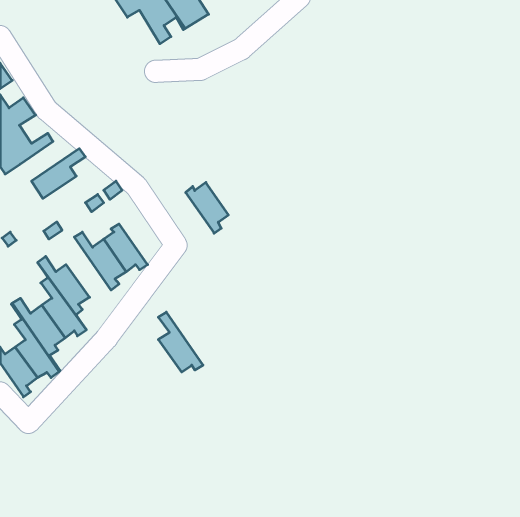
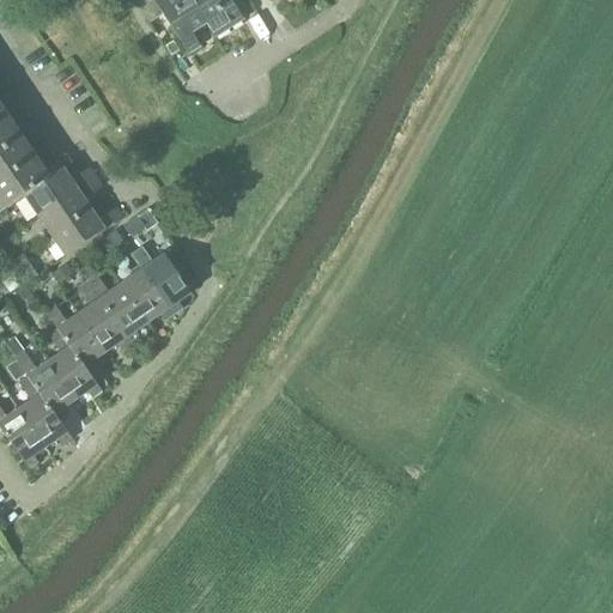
building: none -> [24,165,93,213]
building: none -> [50,206,121,254]
building: [186,182,228,233] -> [140,251,190,311]
building: [158,312,203,372] -> [78,279,131,350]

